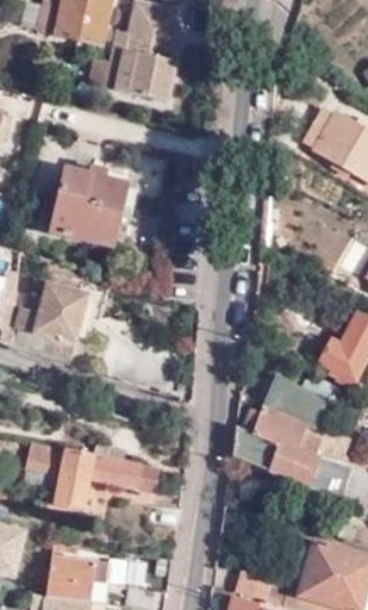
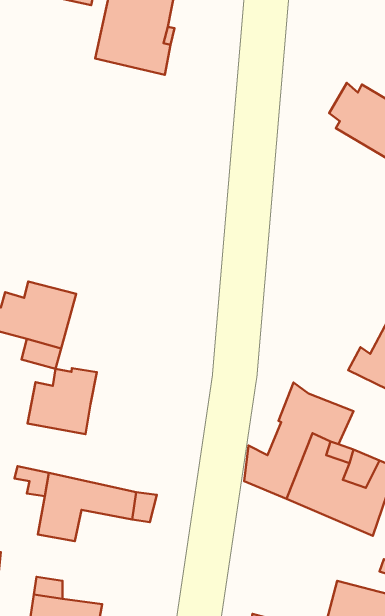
building: [50,166,127,248] -> none
building: none -> [27,368,97,434]

